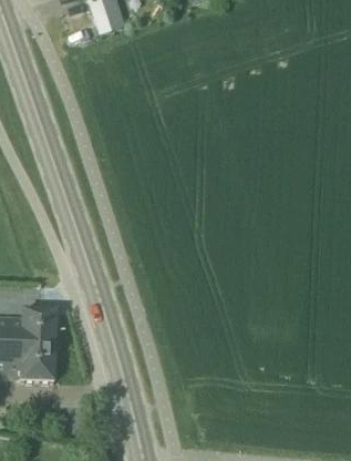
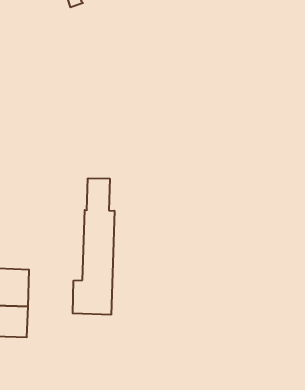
building: none -> [73,178,114,315]

